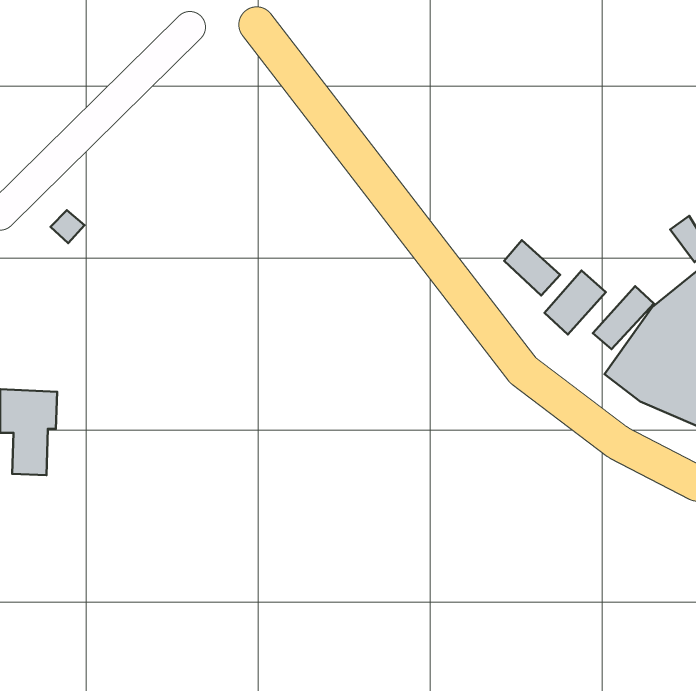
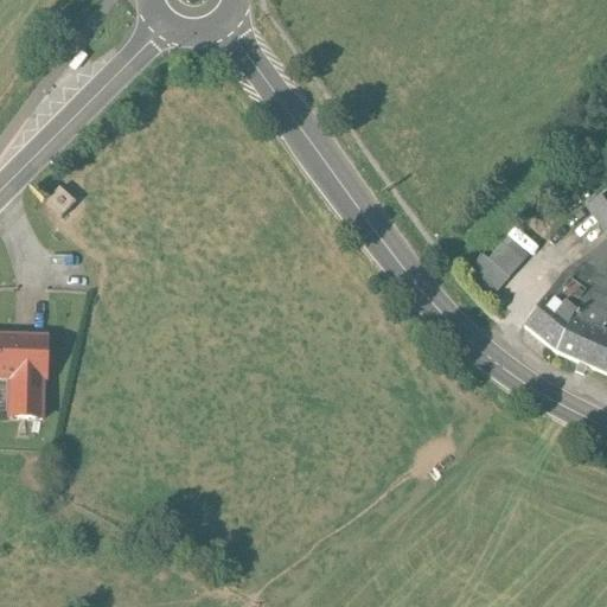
building: [504,240,560,296] -> none
building: [593,286,654,349] -> none

